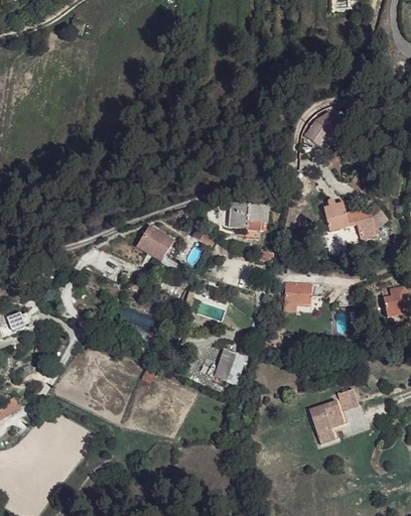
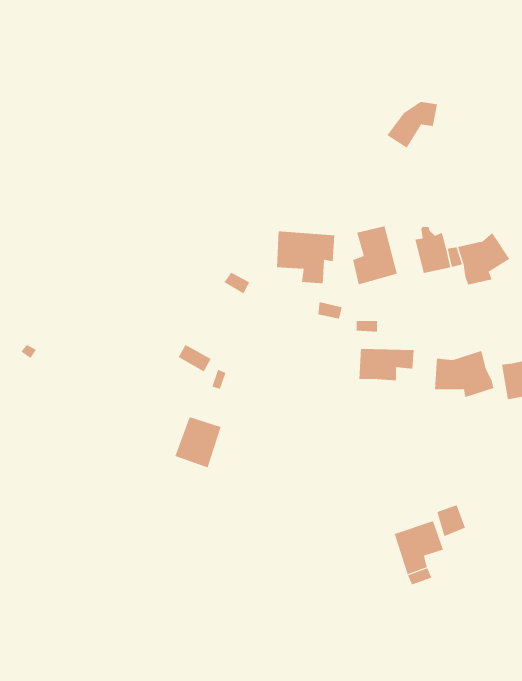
building: none -> [352,226,397,285]
building: [136,225,173,262] -> none
building: none -> [435,350,494,398]
building: [214,350,246,385] -> [174,417,221,468]

